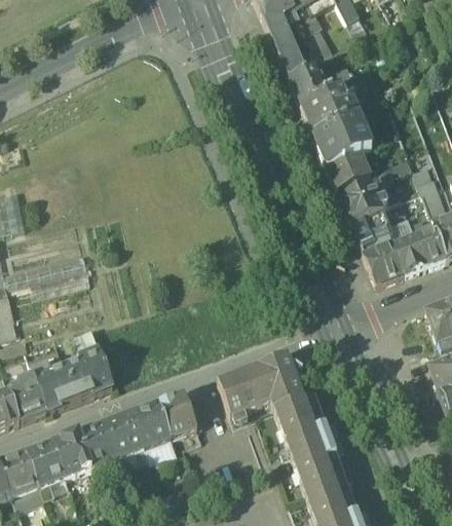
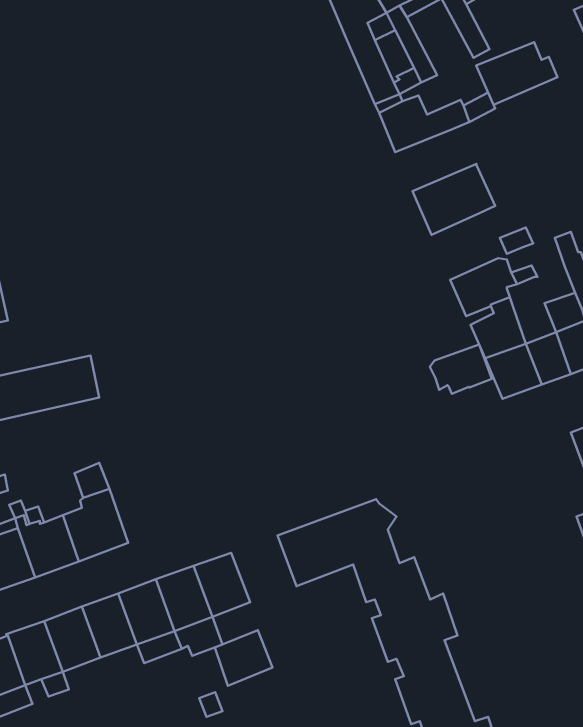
building: [301,91,359,136] -> [476,42,557,105]
building: [327,151,371,190] -> none
building: [384,213,415,243] -> none
building: none -> [430,344,492,394]
building: none -> [215,630,272,686]

